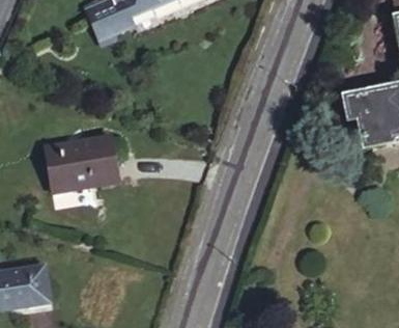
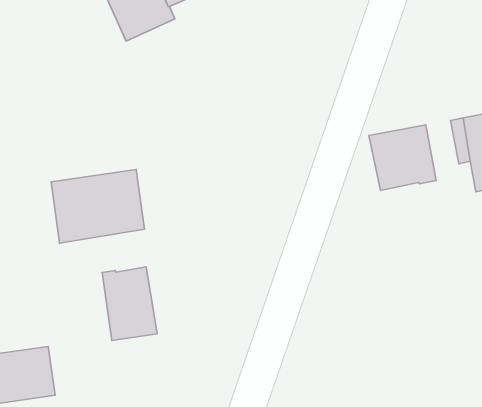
building: none -> [369,125,436,191]
building: none -> [102,267,157,340]

